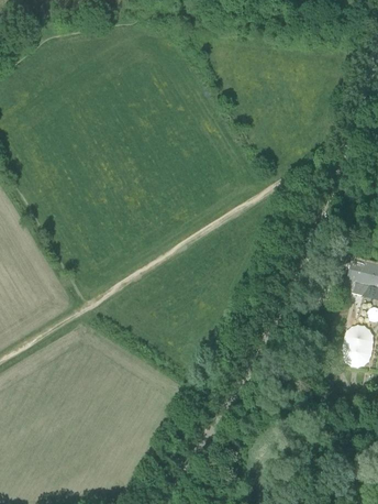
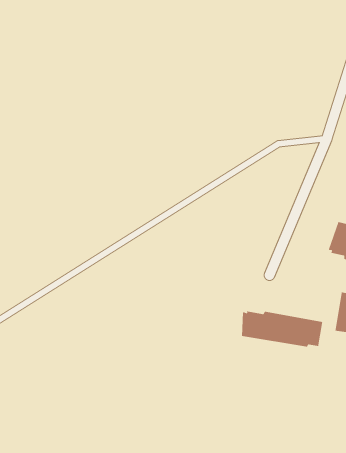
building: none -> [241,310,323,348]

